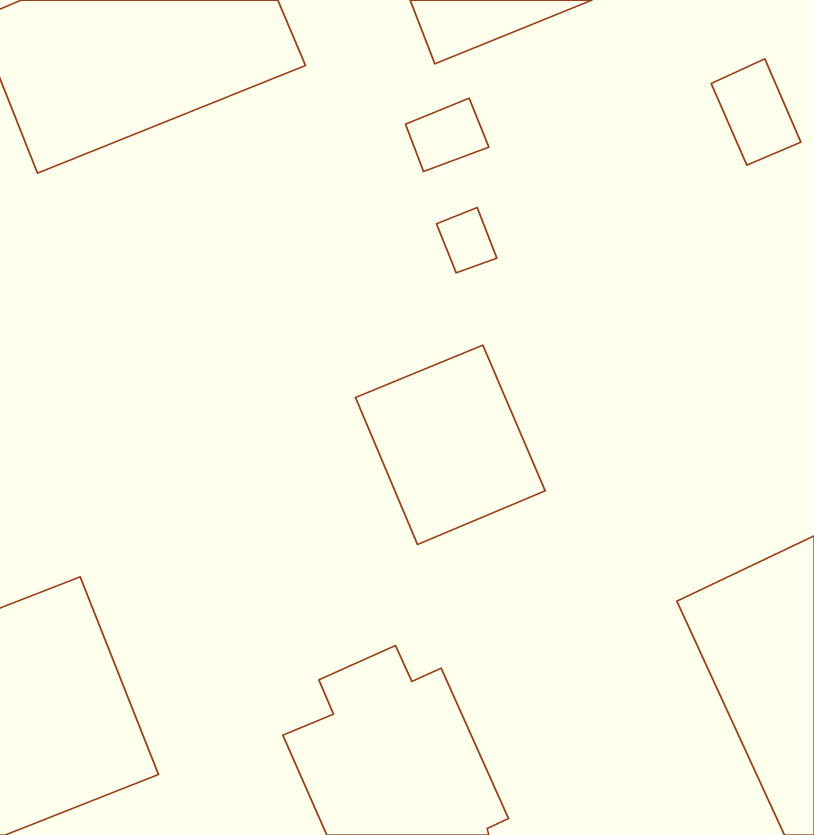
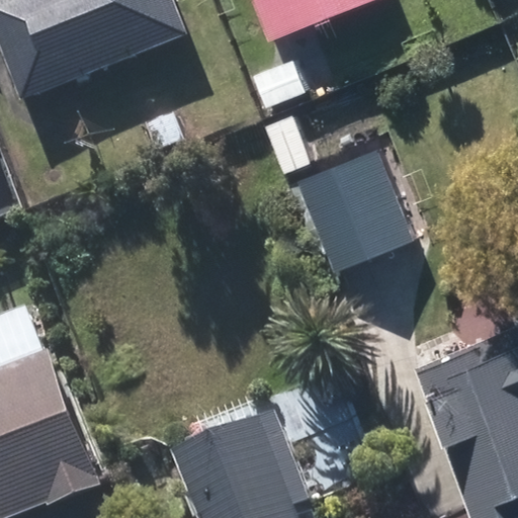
building: [355,345,545,545] -> [295,148,413,271]

